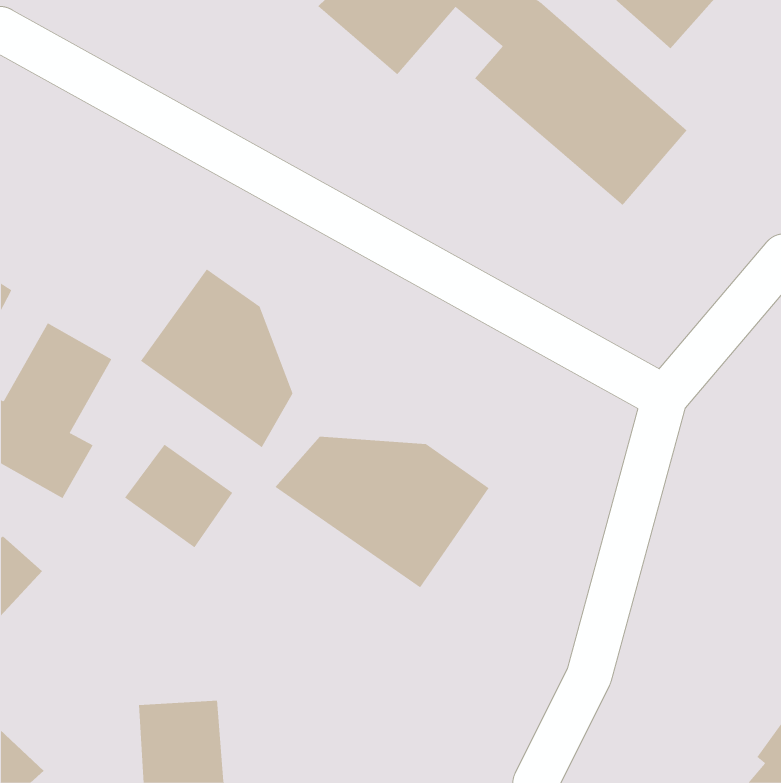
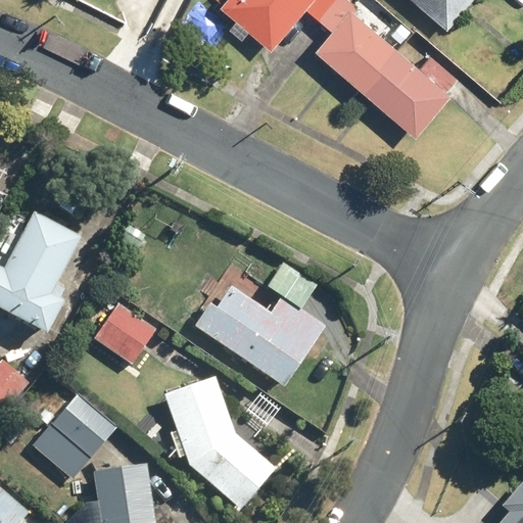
building: [140,268,293,448] -> none
building: none -> [164,385,254,498]
building: none -> [32,393,121,482]

